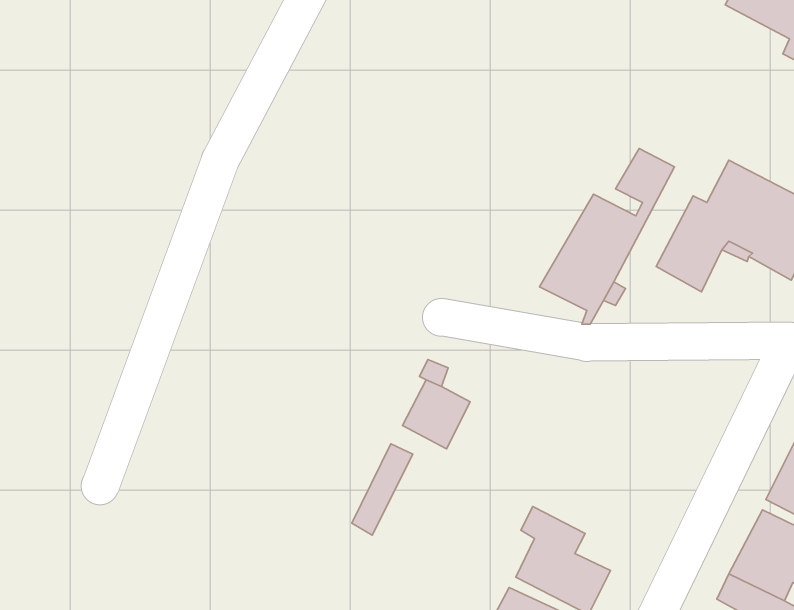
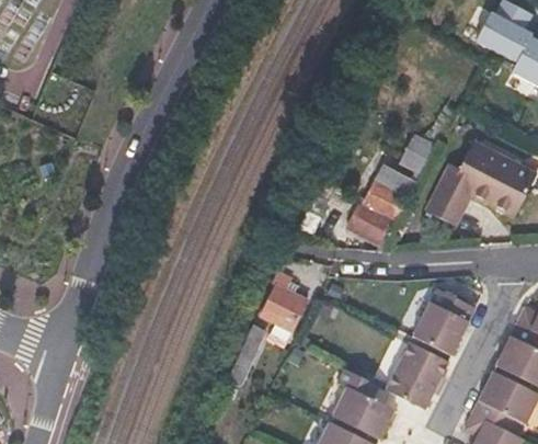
building: none -> [413,284,476,352]
building: none -> [385,338,449,407]

